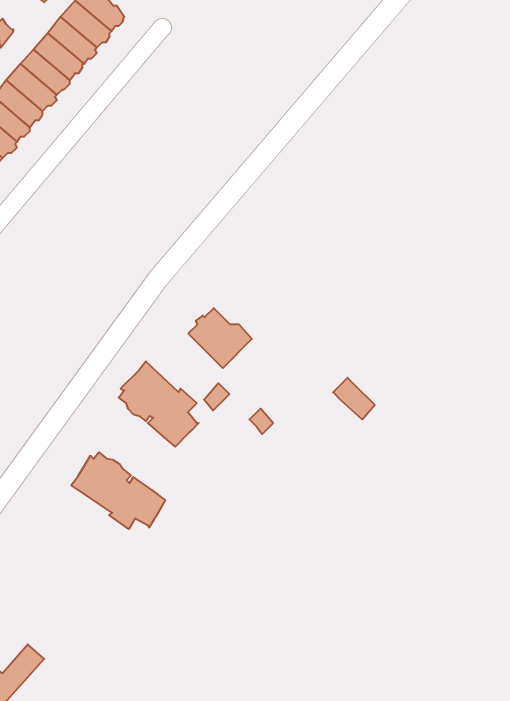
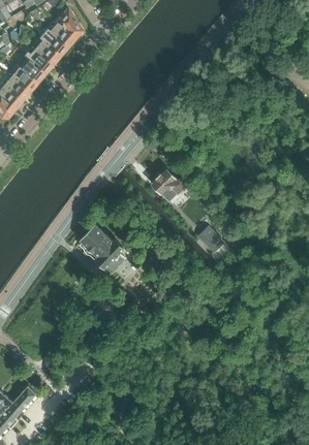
building: [188,308,252,368] -> [152,170,188,204]
building: [71,452,165,529] -> none

